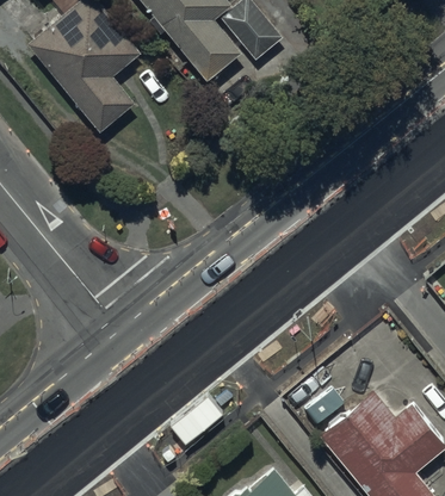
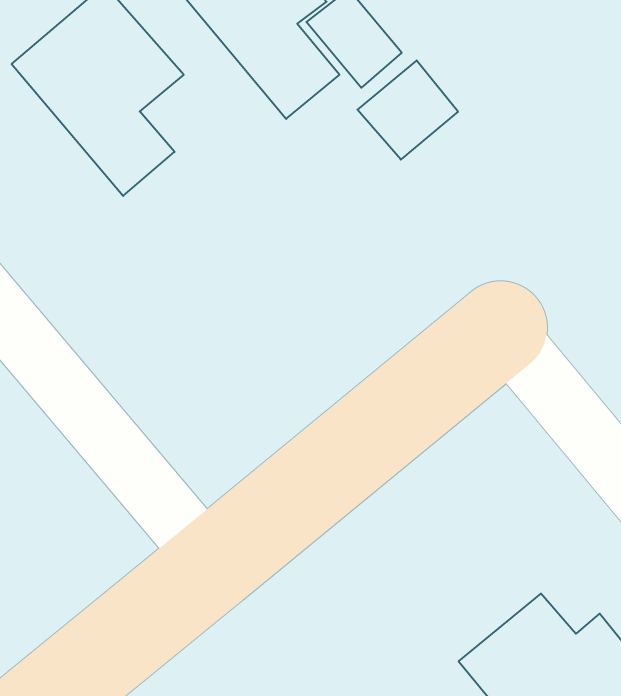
building: none -> [357,60,458,160]

